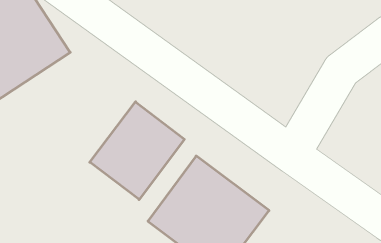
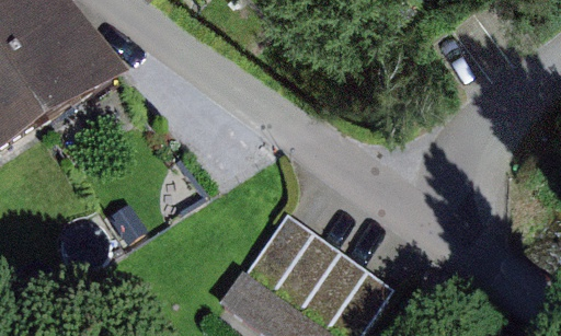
building: [90,102,184,200] -> none

